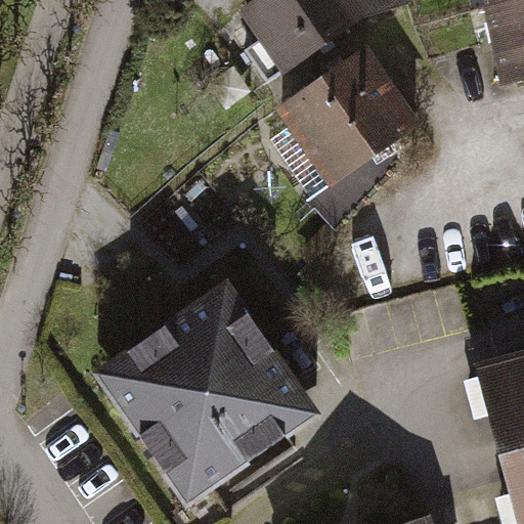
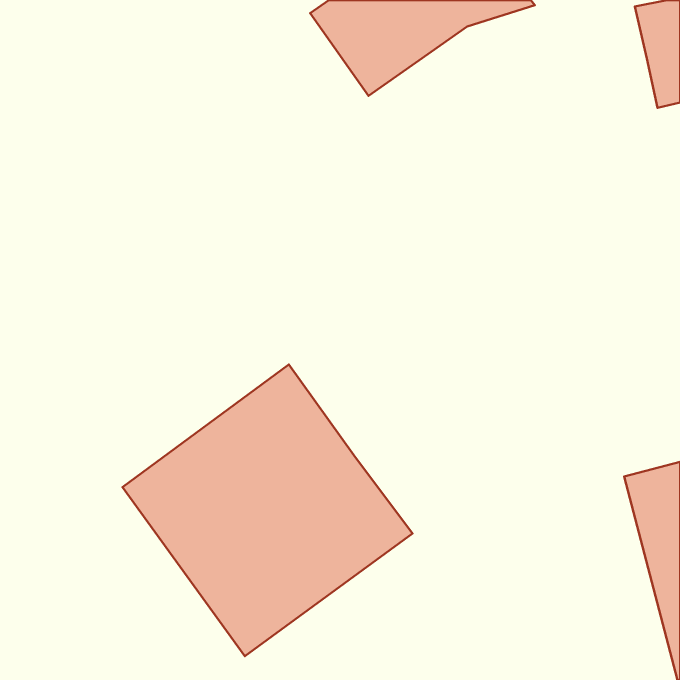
building: [277,46,423,188] -> none

